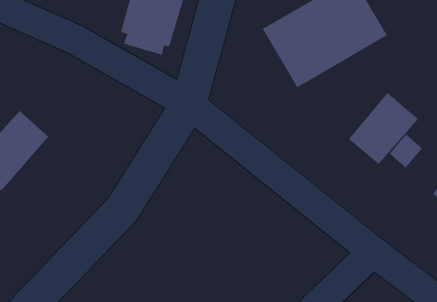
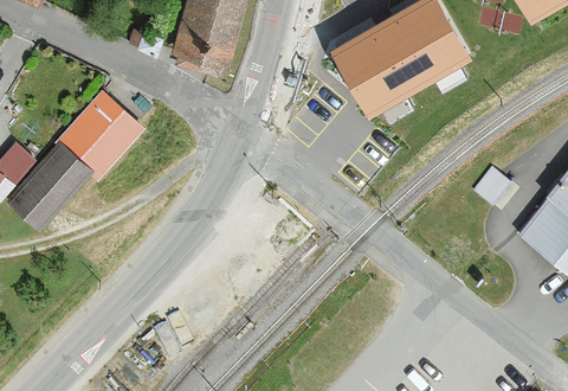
building: none -> [59,89,143,175]
building: [348,92,419,165] -> none

